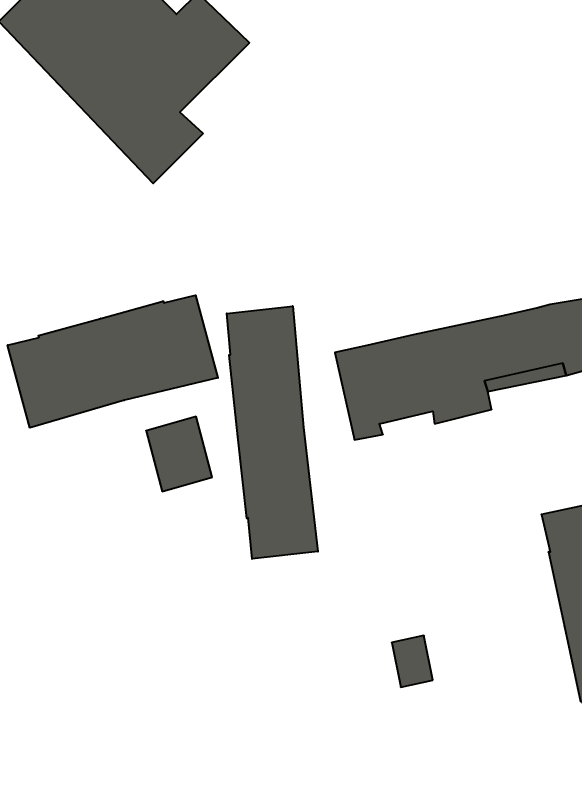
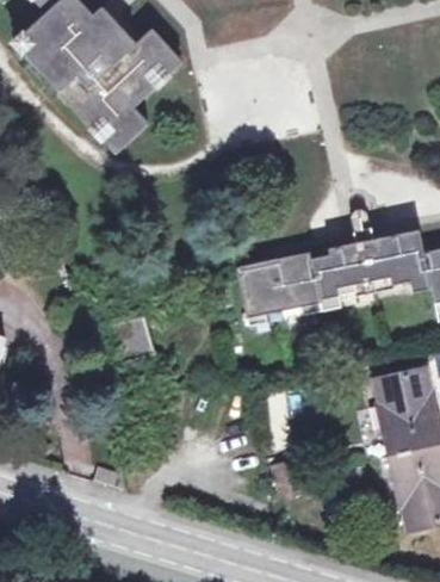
building: [8,295,218,428] -> none
building: [227,306,318,559] -> none

